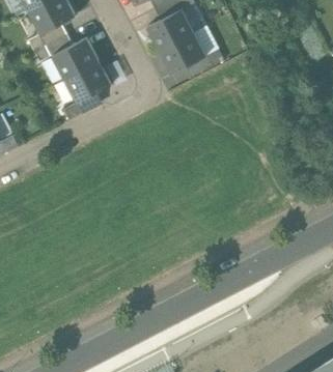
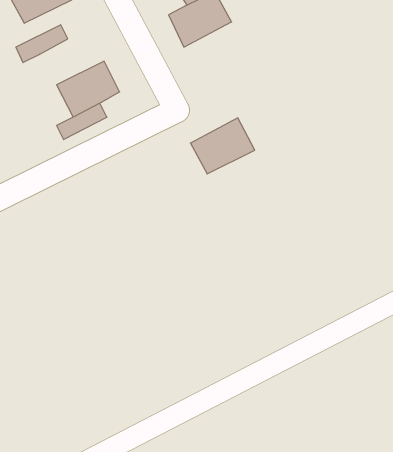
building: [160,32,207,74] -> [190,118,255,174]
building: [53,37,101,79] -> none

